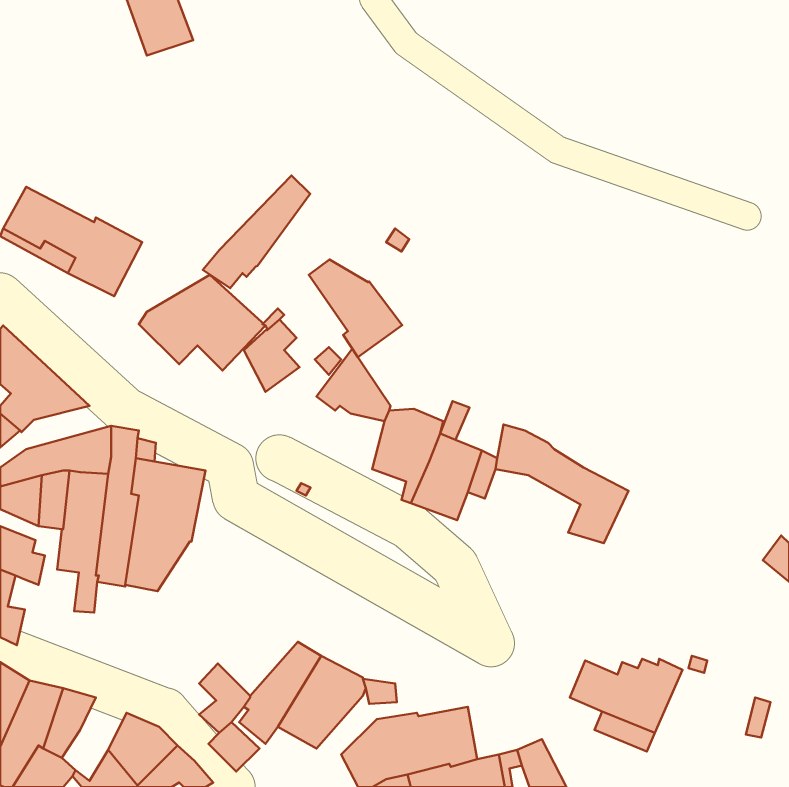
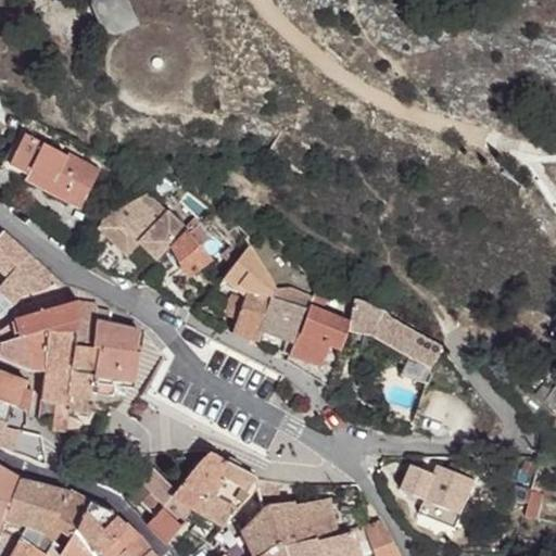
building: [203,176,310,288] -> none
building: [309,259,402,357] -> none
building: none -> [226,291,270,341]
building: none -> [43,491,89,549]

